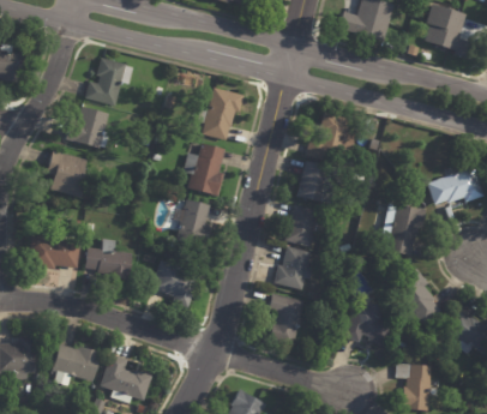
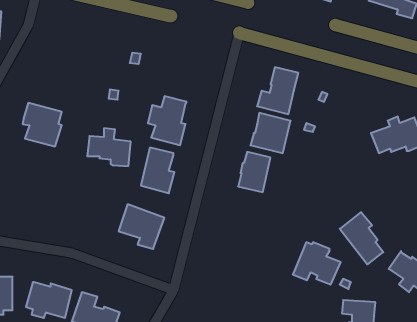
building: [88,56,137,106] -> none
building: [200,86,247,139] -> none
building: [70,106,112,146] -> none
building: [380,202,423,253] -> none
building: [31,235,83,269] -> none
building: [86,239,133,280] -> [87,128,131,166]
building: [271,245,311,289] -> none
building: [265,292,302,344] -> none

